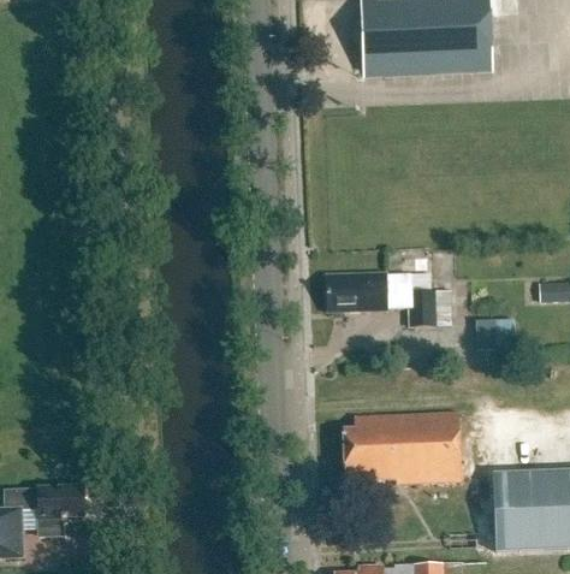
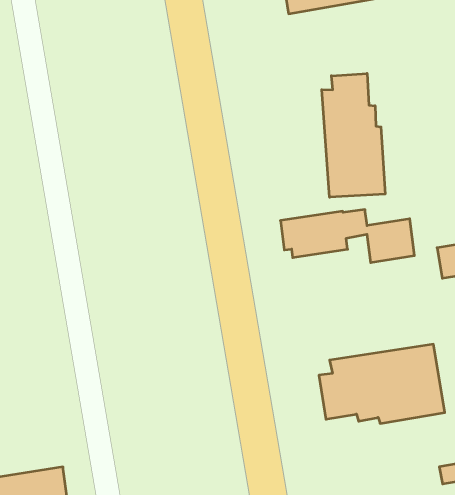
building: none -> [322,73,385,197]

